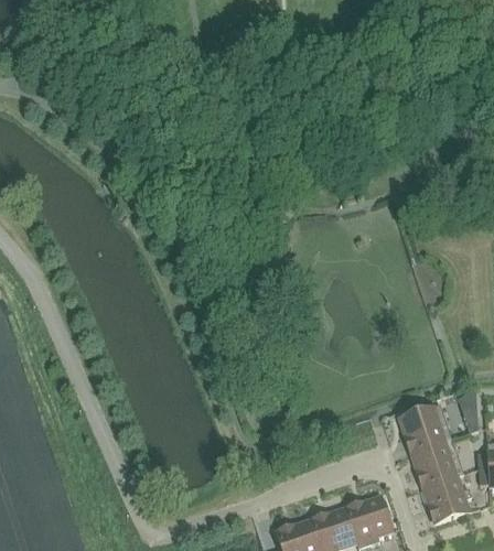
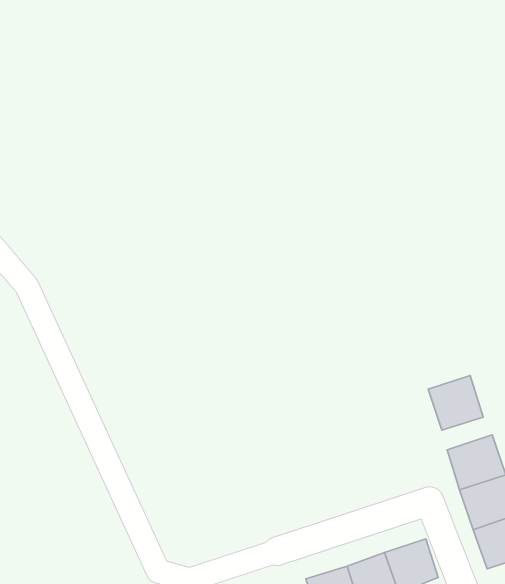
building: none -> [428,375,483,430]

